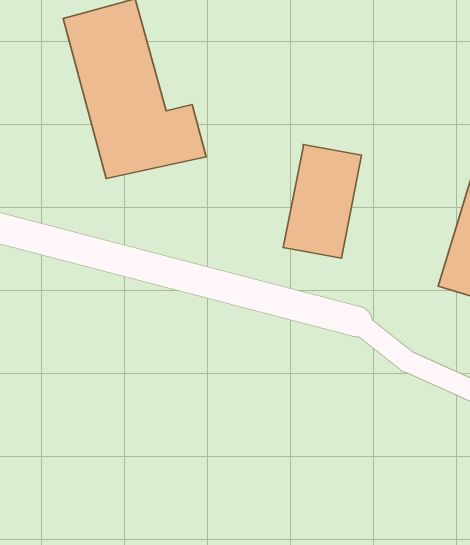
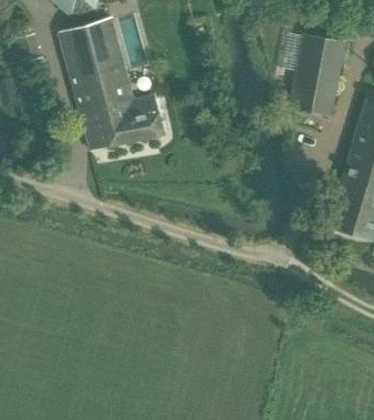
building: [283,144,361,258] -> [289,33,345,115]

